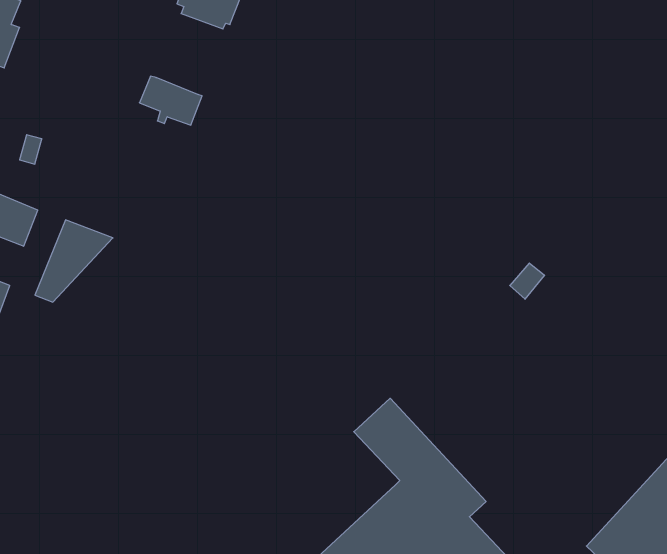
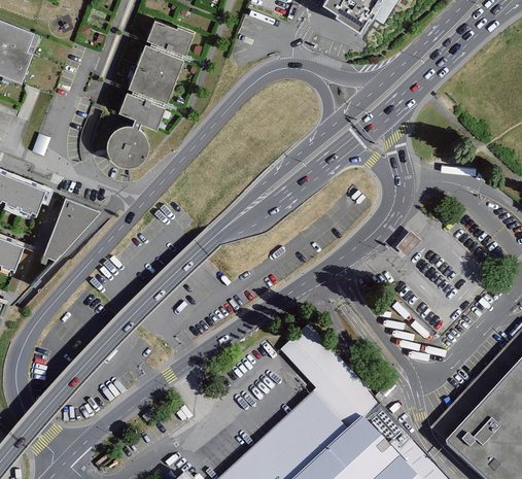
building: none -> [130,42,185,104]
building: none -> [109,123,150,164]

